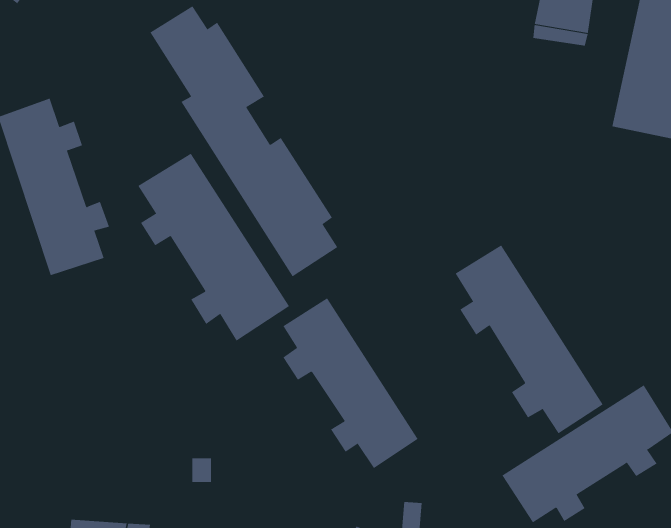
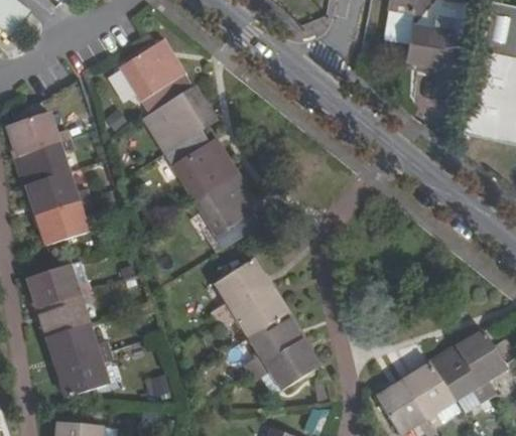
building: [137,153,290,341] -> none
building: [455,245,603,434] -> none
building: none -> [28,266,112,398]

